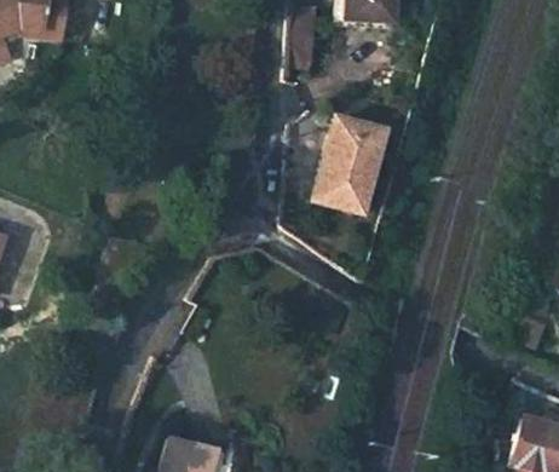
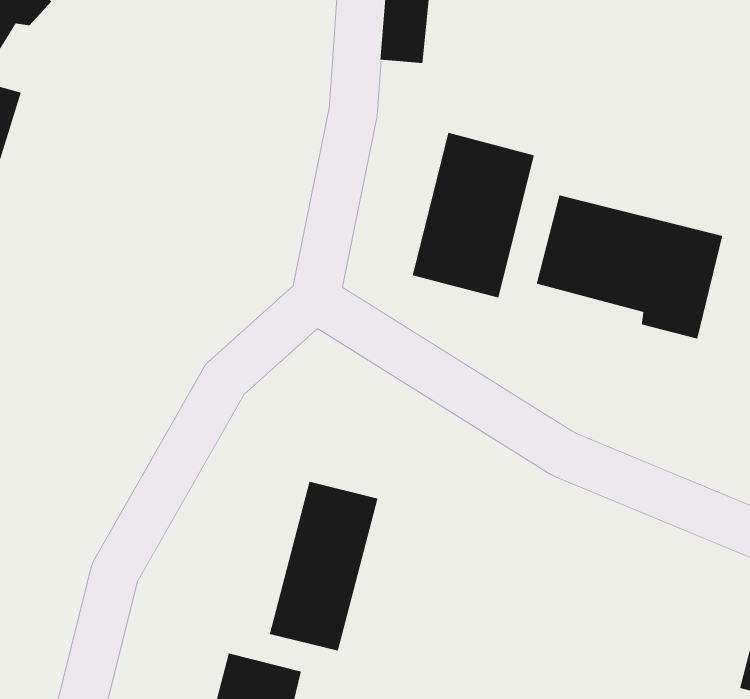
building: none -> [536,195,723,340]
building: none -> [269,481,378,652]

